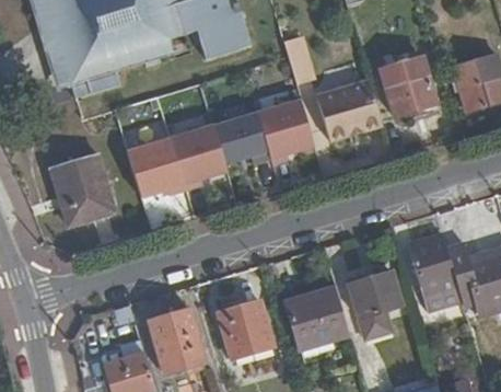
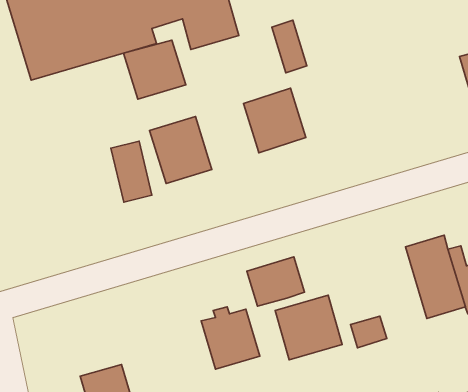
building: [382,57,439,117] -> none
building: [317,77,384,139] -> none
building: [210,109,268,164] -> [124,40,186,99]
building: [53,153,115,226] -> none
building: [345,269,398,315] -> [247,257,305,306]
building: [149,309,202,372] -> none

